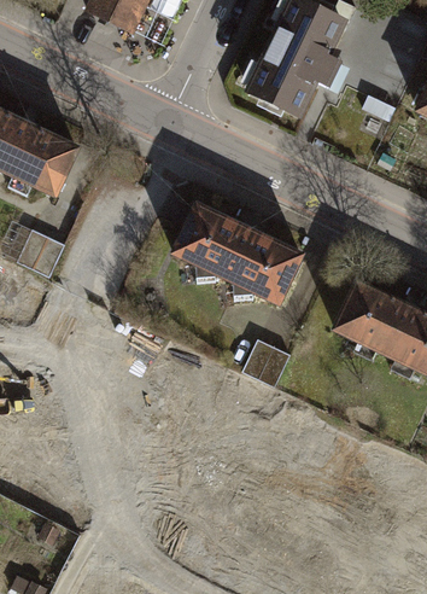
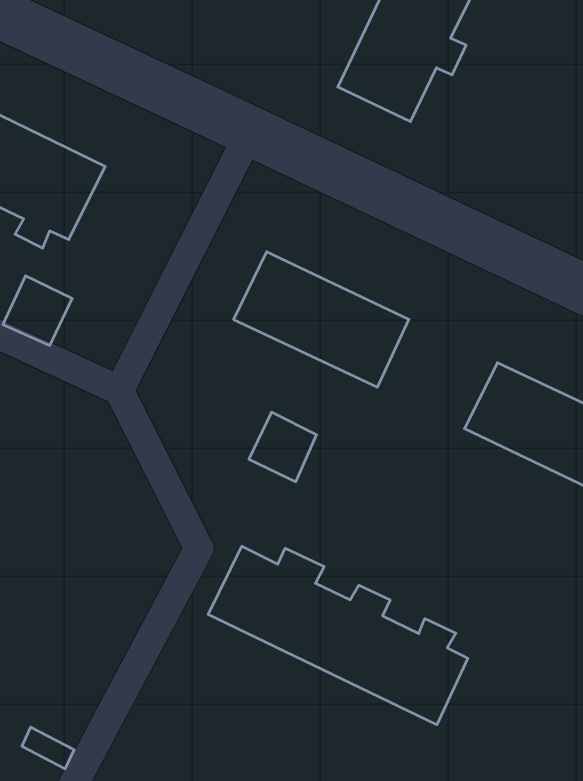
building: [239,333,286,382] -> [249,412,317,482]
building: none -> [208,546,468,725]

